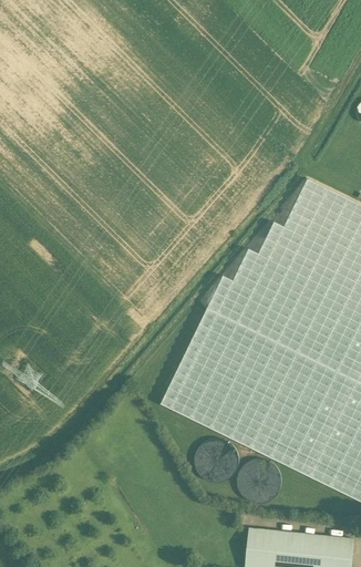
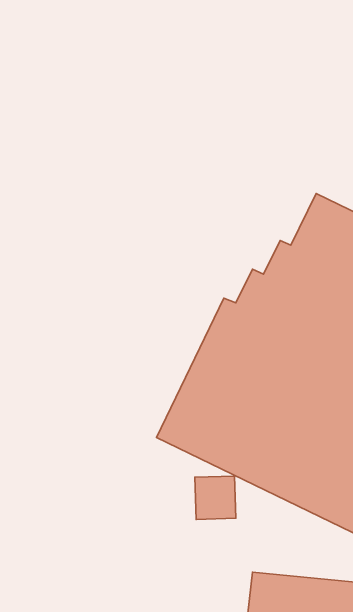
building: [236,457,281,504] -> none

